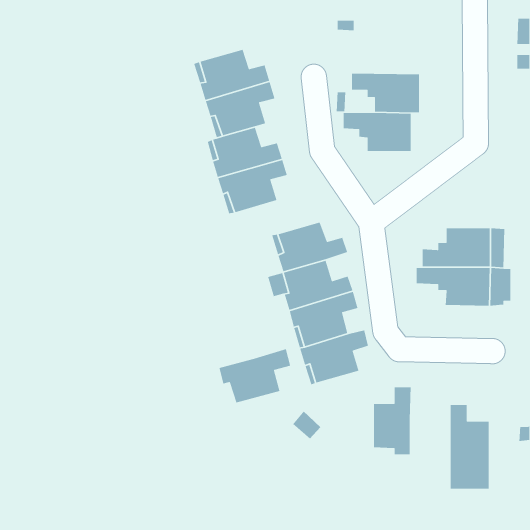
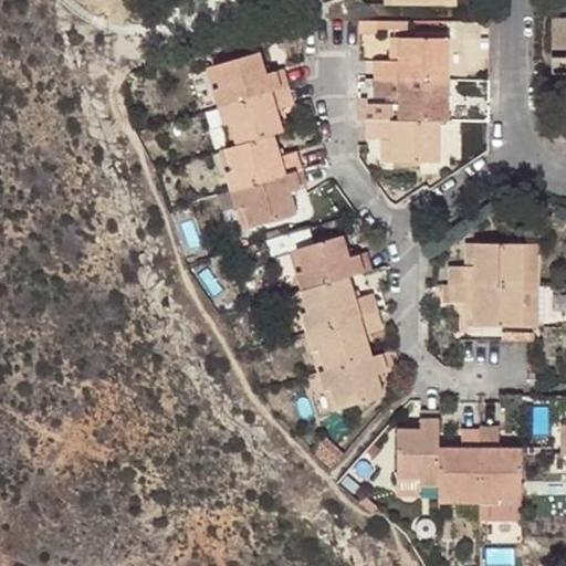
building: none -> [374,39,447,80]
building: [218,348,291,403] -> none
building: none -> [437,431,479,503]

